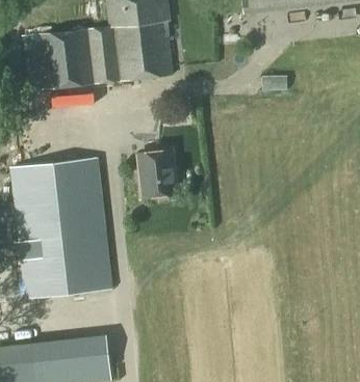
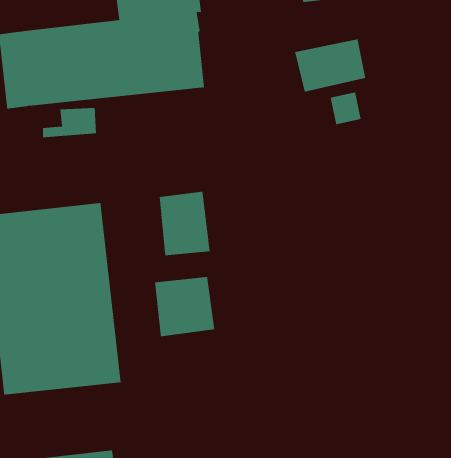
building: none -> [295,38,366,93]
building: none -> [154,276,215,337]

